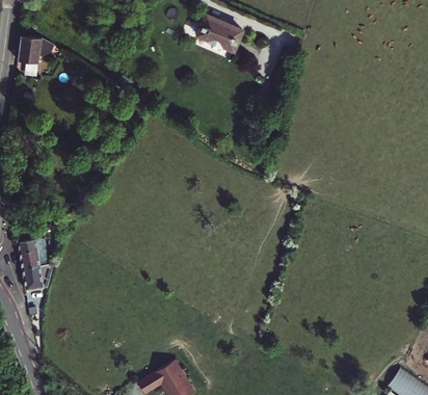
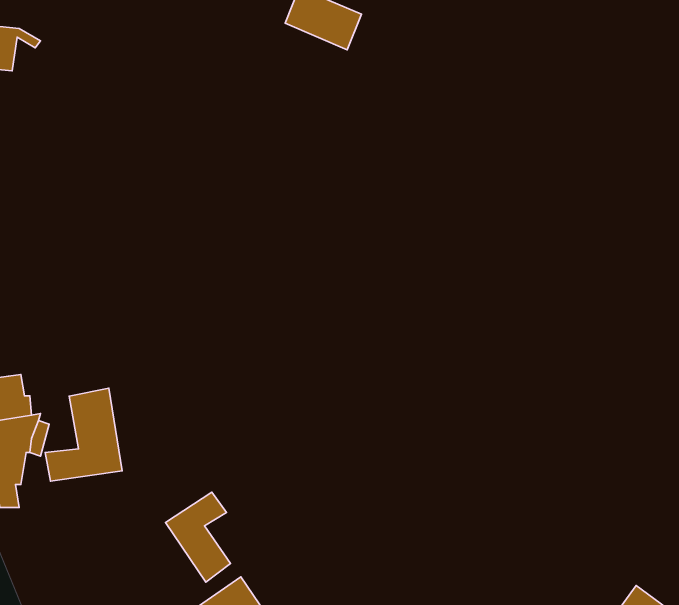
building: none -> [45,388,122,481]
building: none -> [165,492,231,582]

